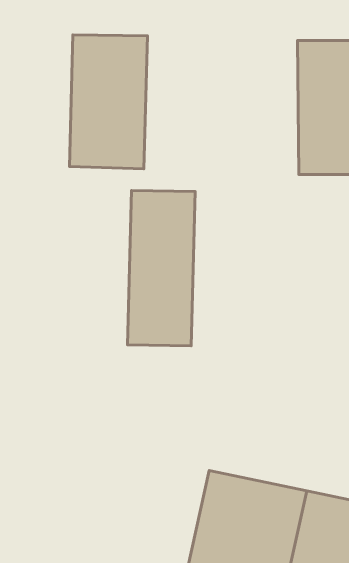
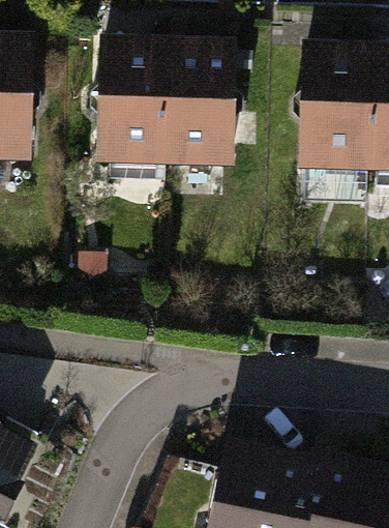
building: none -> [167,48,236,170]
building: [127,191,195,346] -> none

